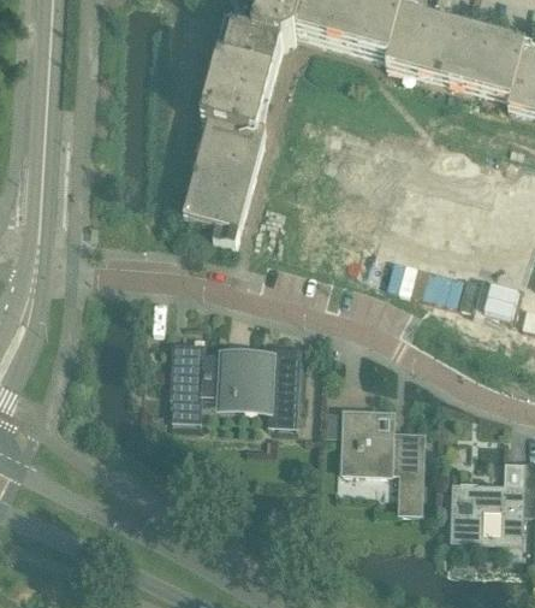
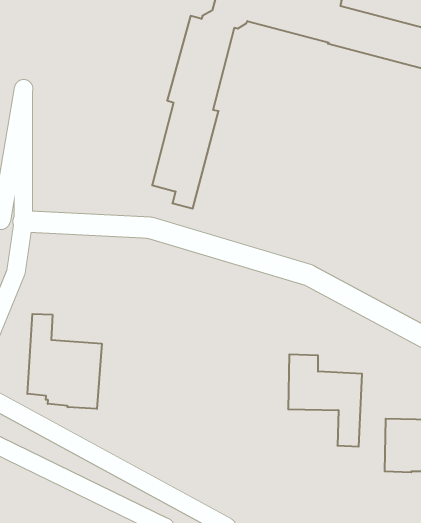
building: [170,343,301,427] -> none
building: none -> [27,314,102,409]

